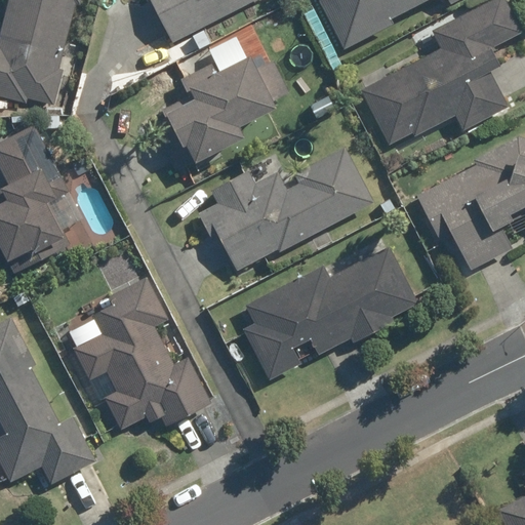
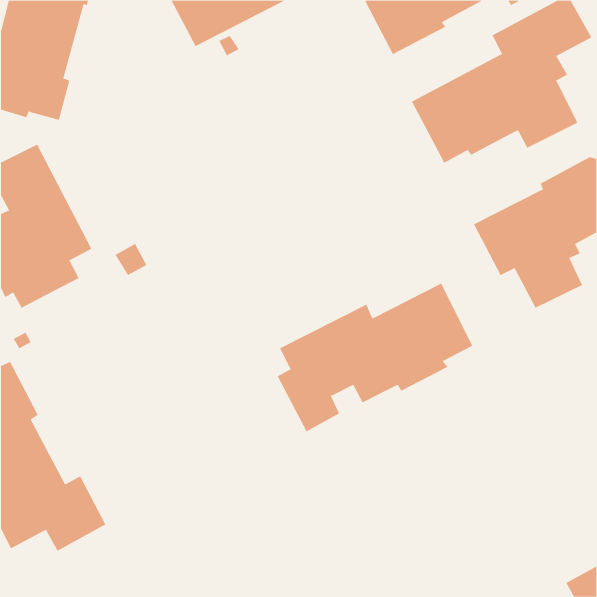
building: [155,57,287,170] -> none
building: [197,149,373,270] -> none
building: [73,278,210,430] -> none

